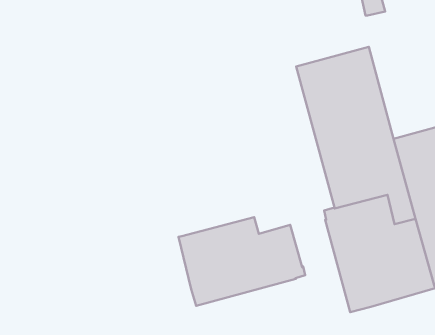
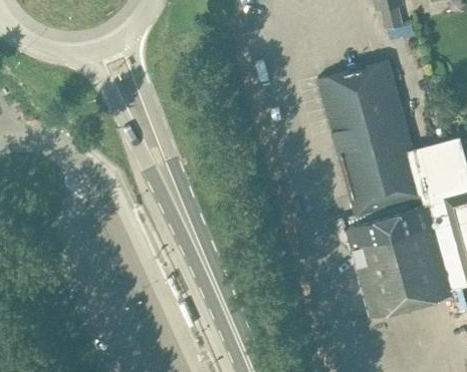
building: [178,217,305,306] -> none

